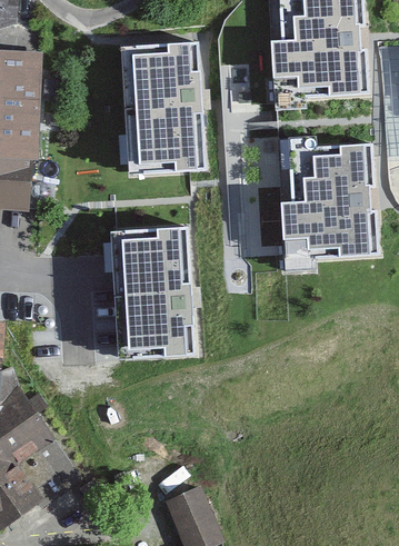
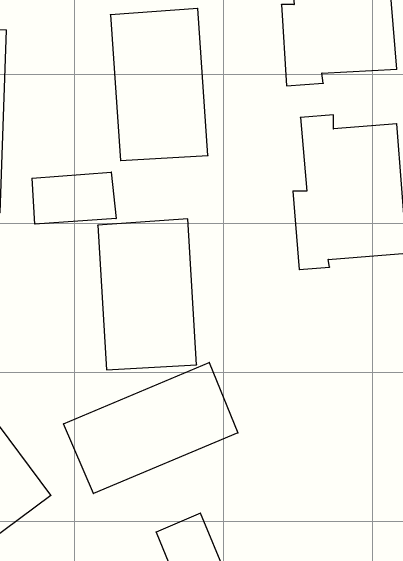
building: none -> [32,172,116,224]
building: none -> [64,362,238,494]

